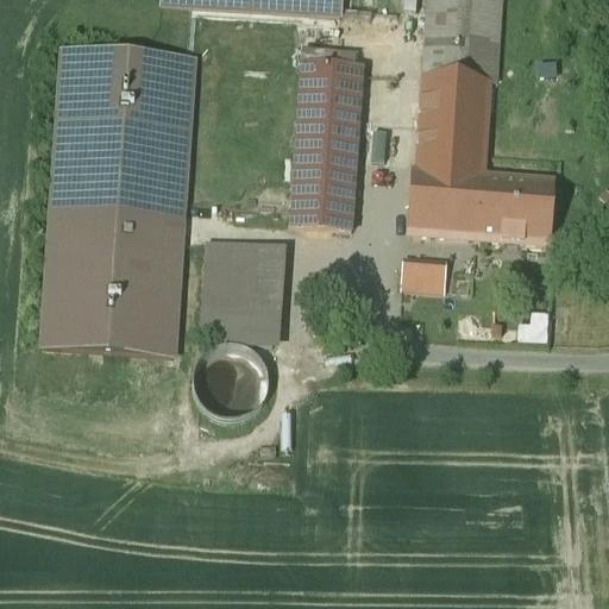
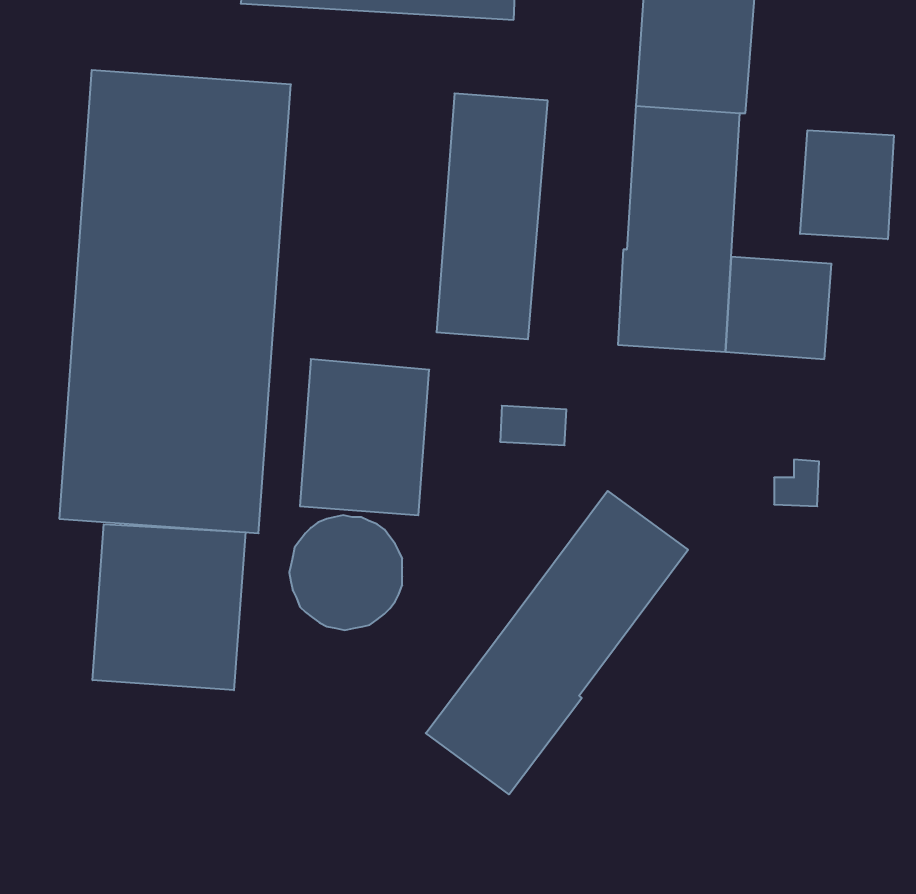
building: none -> [800,130,894,239]
building: [402,259,446,285] -> [500,406,566,445]
building: none -> [426,491,688,794]
building: none -> [93,524,246,690]

